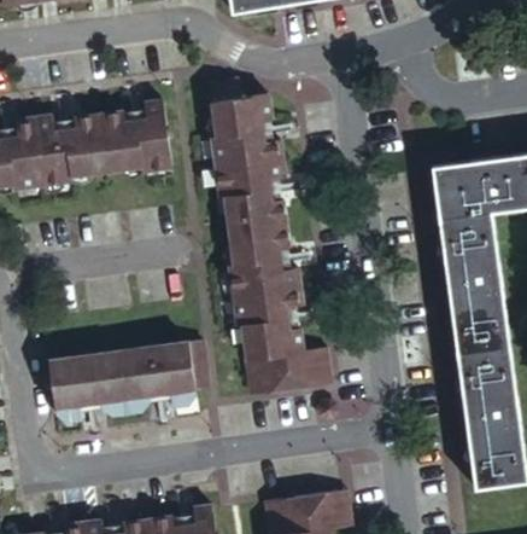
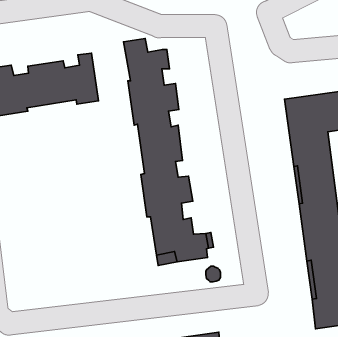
building: [48,341,210,424] -> none

